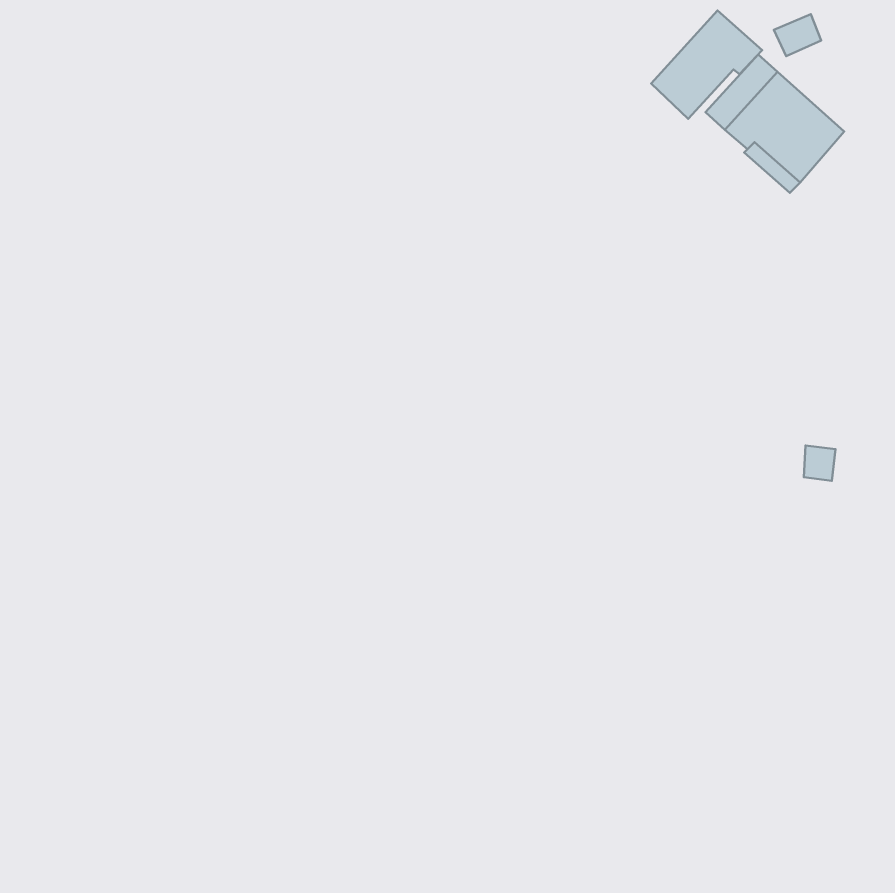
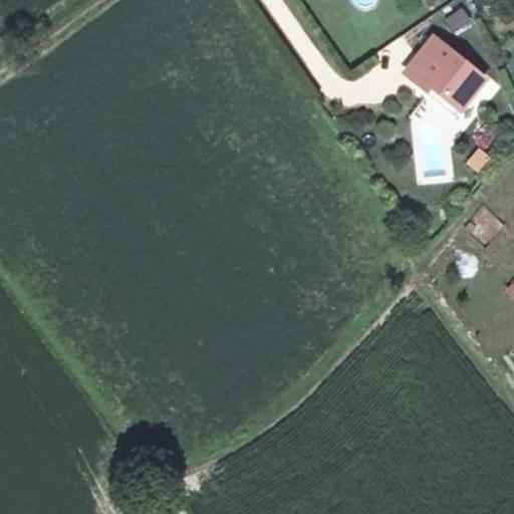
building: [651,10,762,119] -> none

